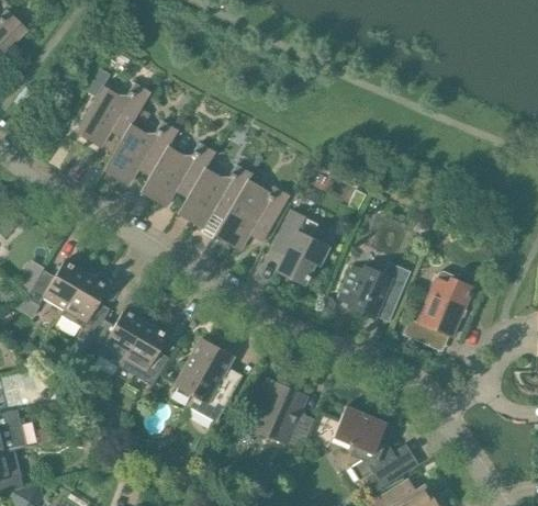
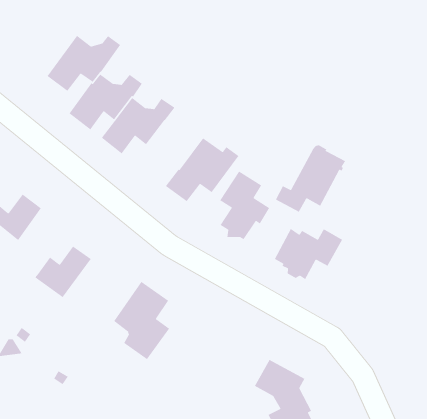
building: [178,164,254,228] -> none
building: [402,271,473,346] -> [275,145,346,213]
building: [60,272,108,344] -> none
building: [119,321,168,385] -> none
building: [254,380,311,454] -> none

